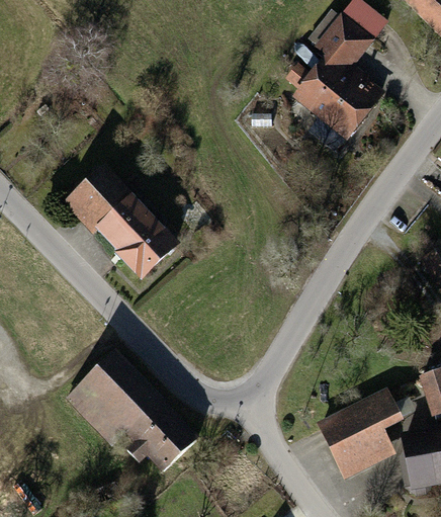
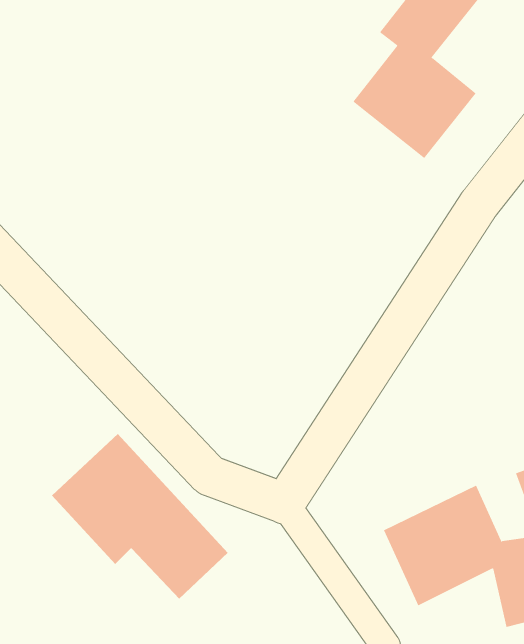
building: [65,164,182,283] -> none

